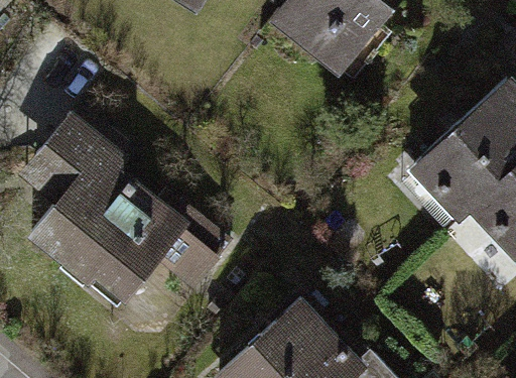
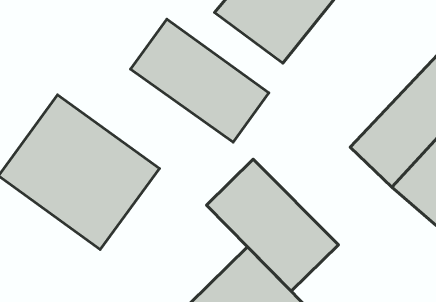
building: none -> [131,19,269,142]
building: none -> [207,159,338,291]

